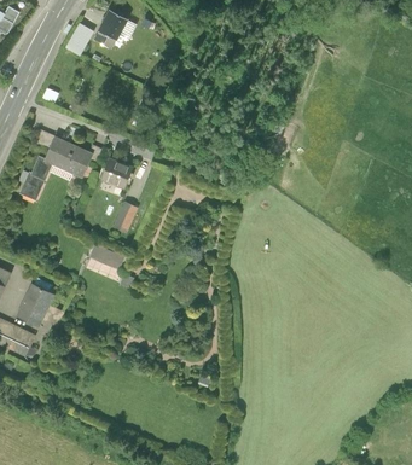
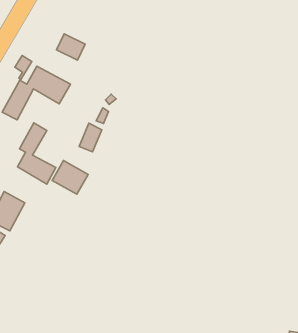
building: [100,159,133,188] -> [57,34,85,60]
building: none -> [18,123,56,184]

